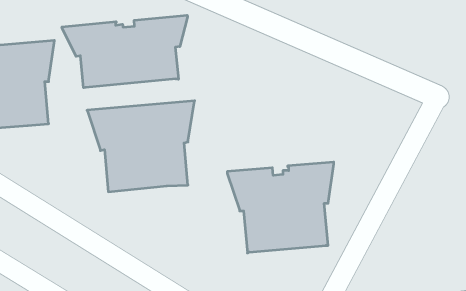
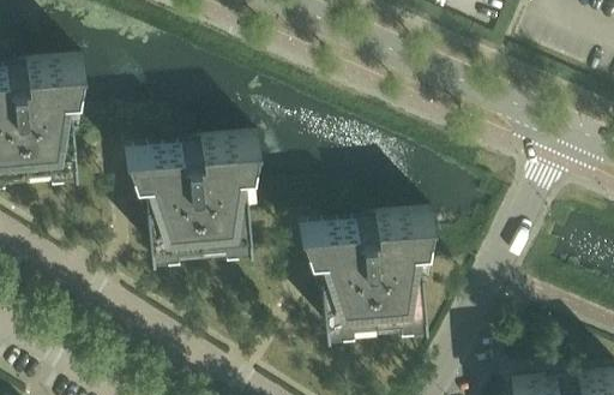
building: [62,15,188,88] -> none

